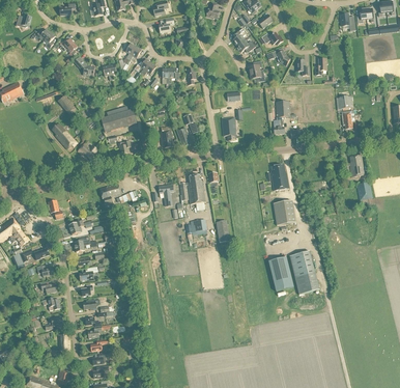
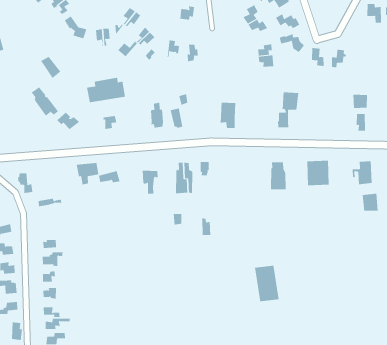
building: [273,199,295,224] -> [307,160,329,186]
building: [289,250,319,294] -> none

